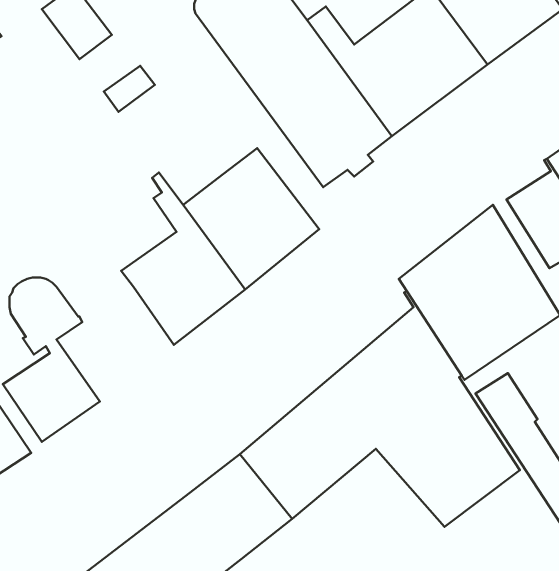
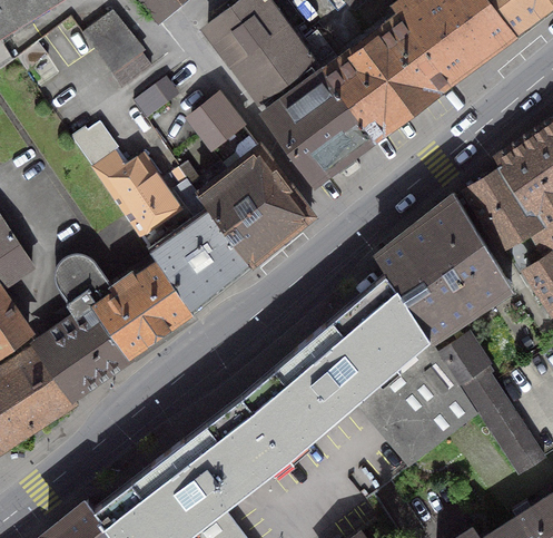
building: none -> [191,94,260,168]
building: none -> [75,123,180,235]
building: none -> [95,262,191,356]

